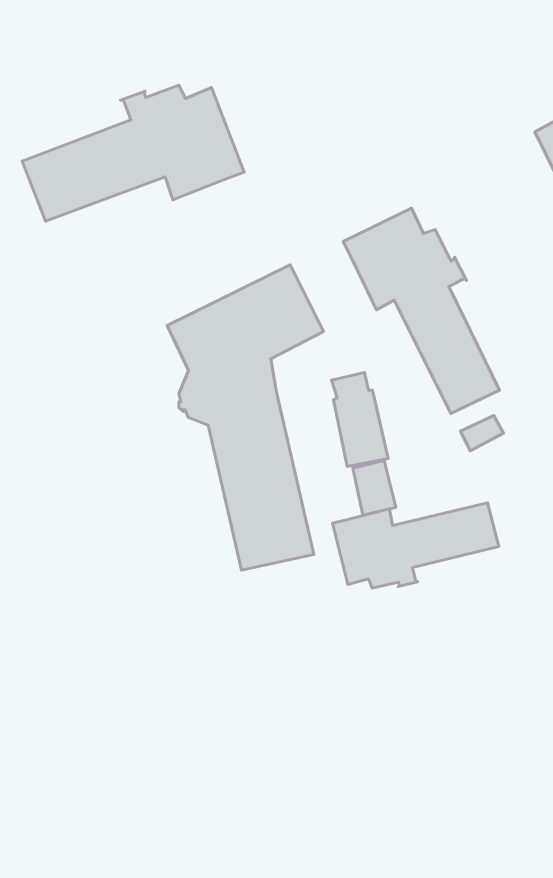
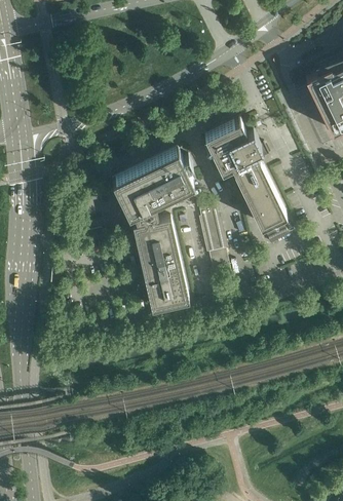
building: [22,85,244,221] -> none
building: [333,503,499,588] -> none

